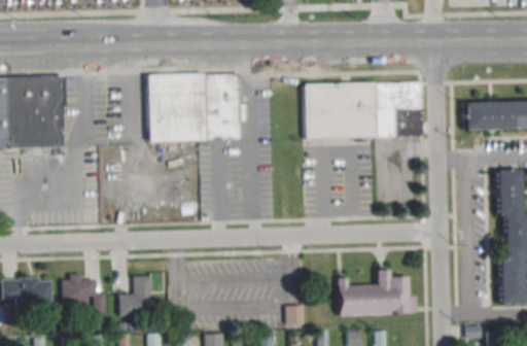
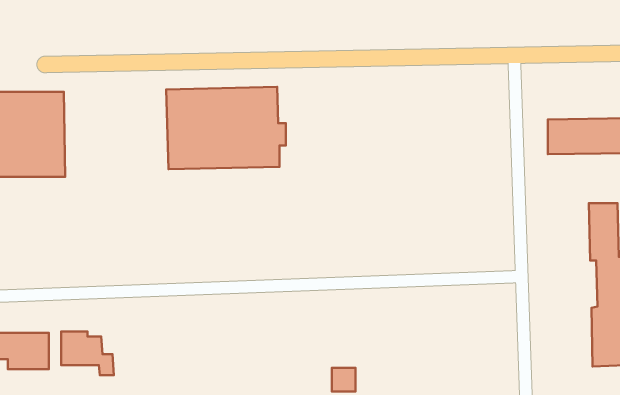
building: [304,80,422,138] -> none
building: [336,270,417,316] -> none
building: [118,276,151,314] -> none

